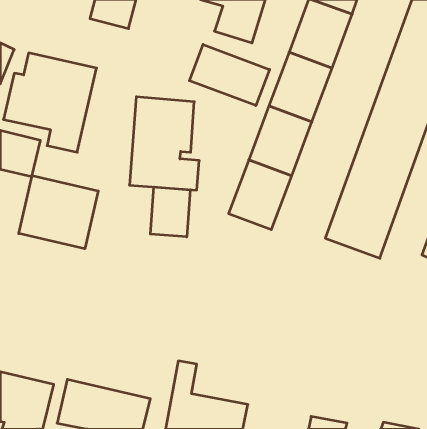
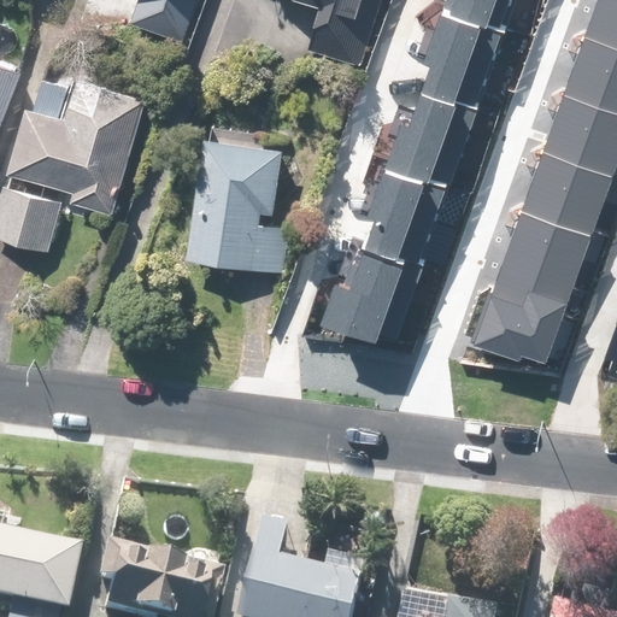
building: [189,44,270,106] -> none
building: [19,176,98,249] -> none
building: [150,187,190,237] -> none

